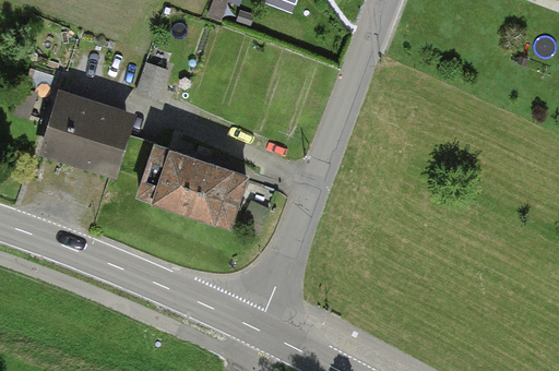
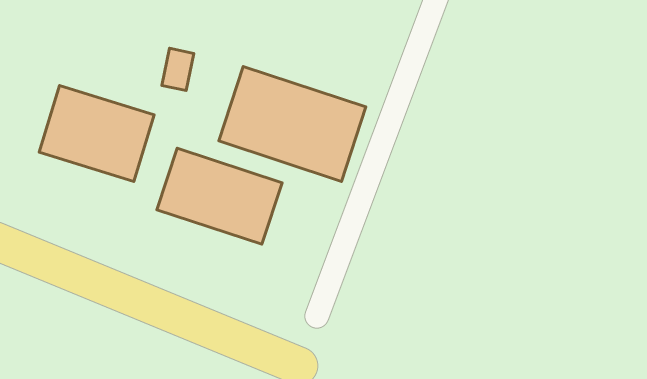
building: none -> [219,66,366,181]

